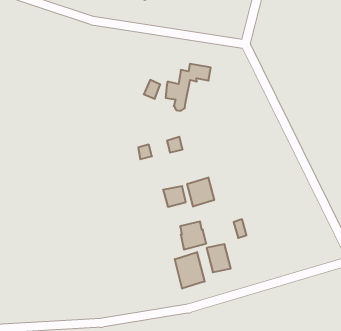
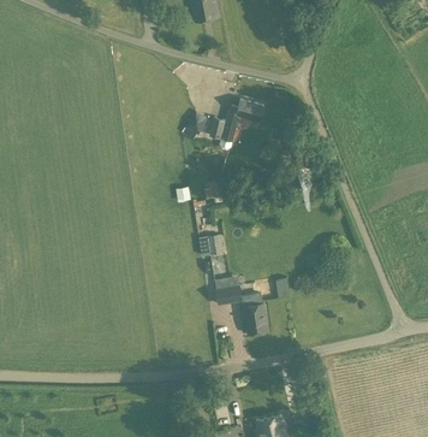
building: [187,177,214,207] -> none
building: [175,252,205,289] -> none

